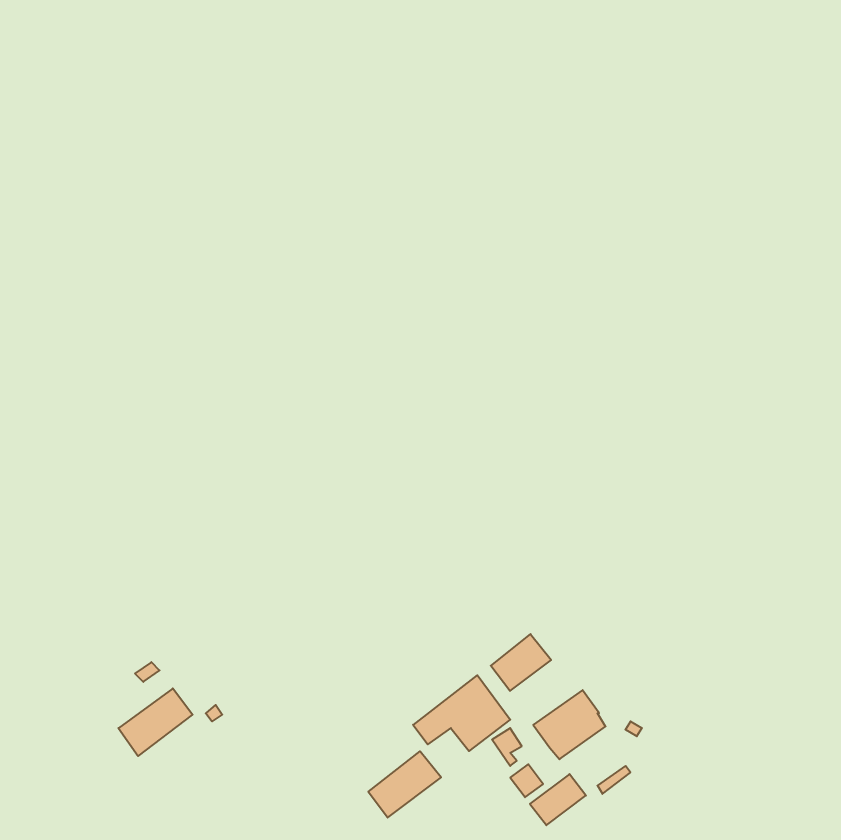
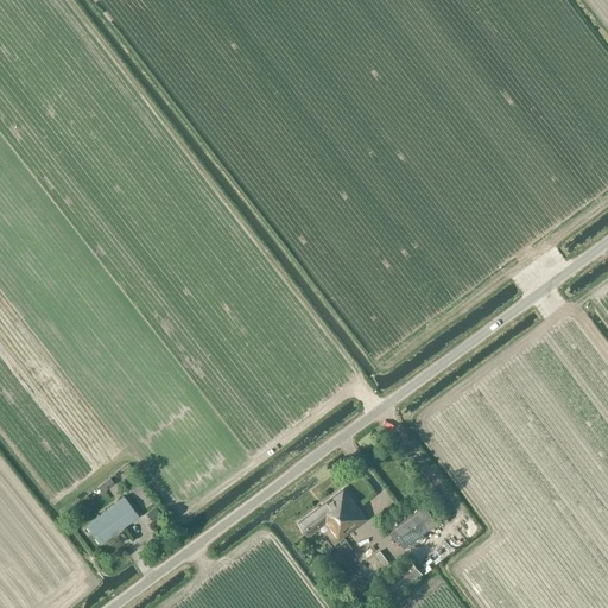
building: [491,634,551,691] -> none
building: [368,751,441,818] -> none

